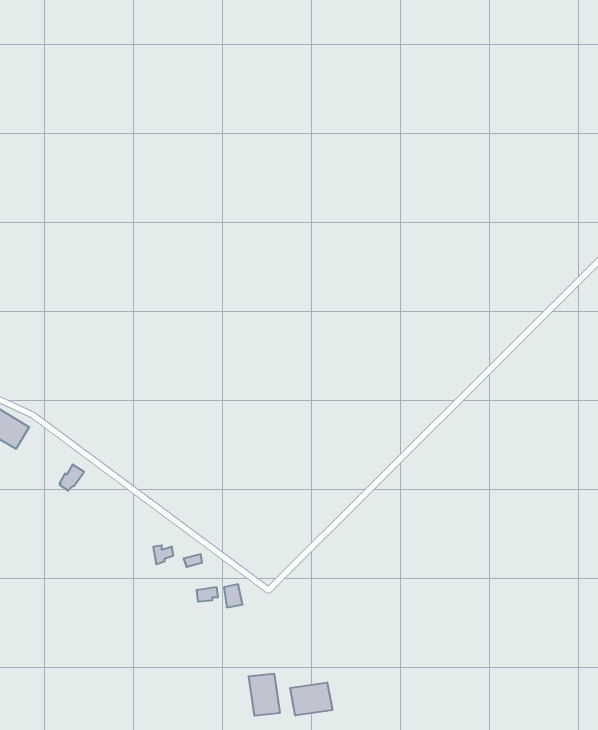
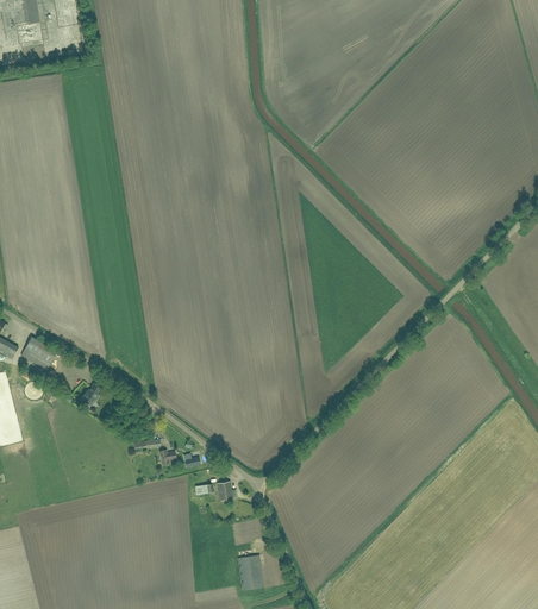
building: [290,682,332,716] -> none

